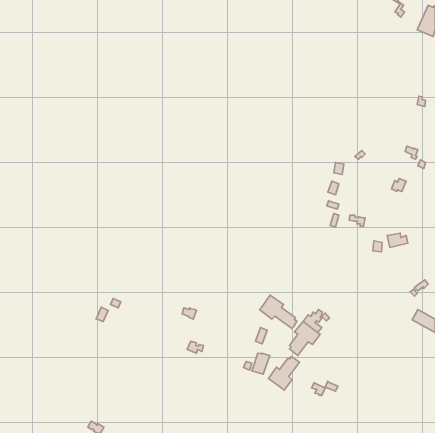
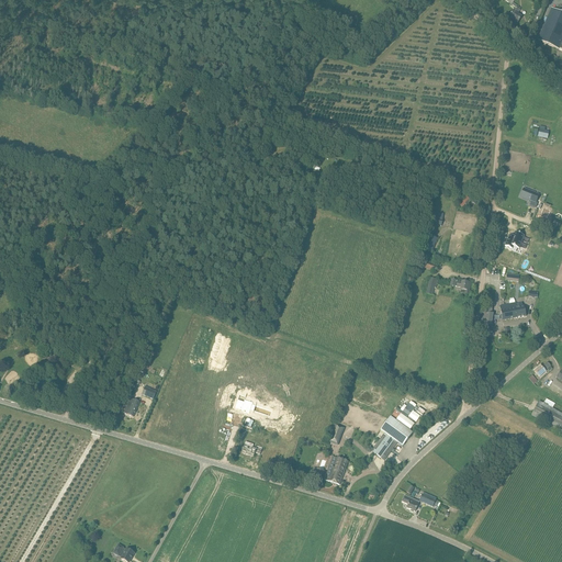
building: [259,295,297,329] -> none
building: [269,357,299,390] -> none

